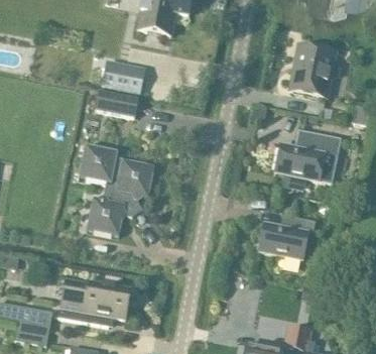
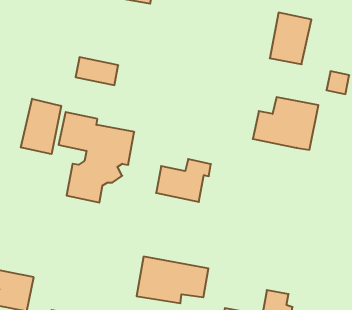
building: [103,61,144,92] -> none
building: none -> [21,99,61,154]
building: [259,216,315,259] -> [156,159,211,202]
building: [57,276,130,324] -> [137,257,208,303]

